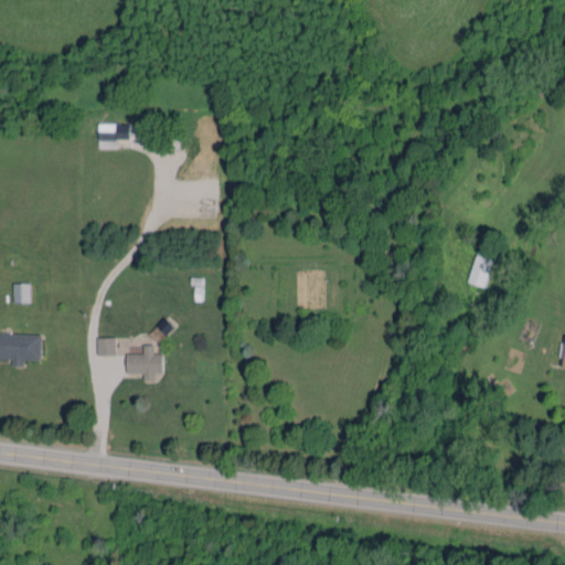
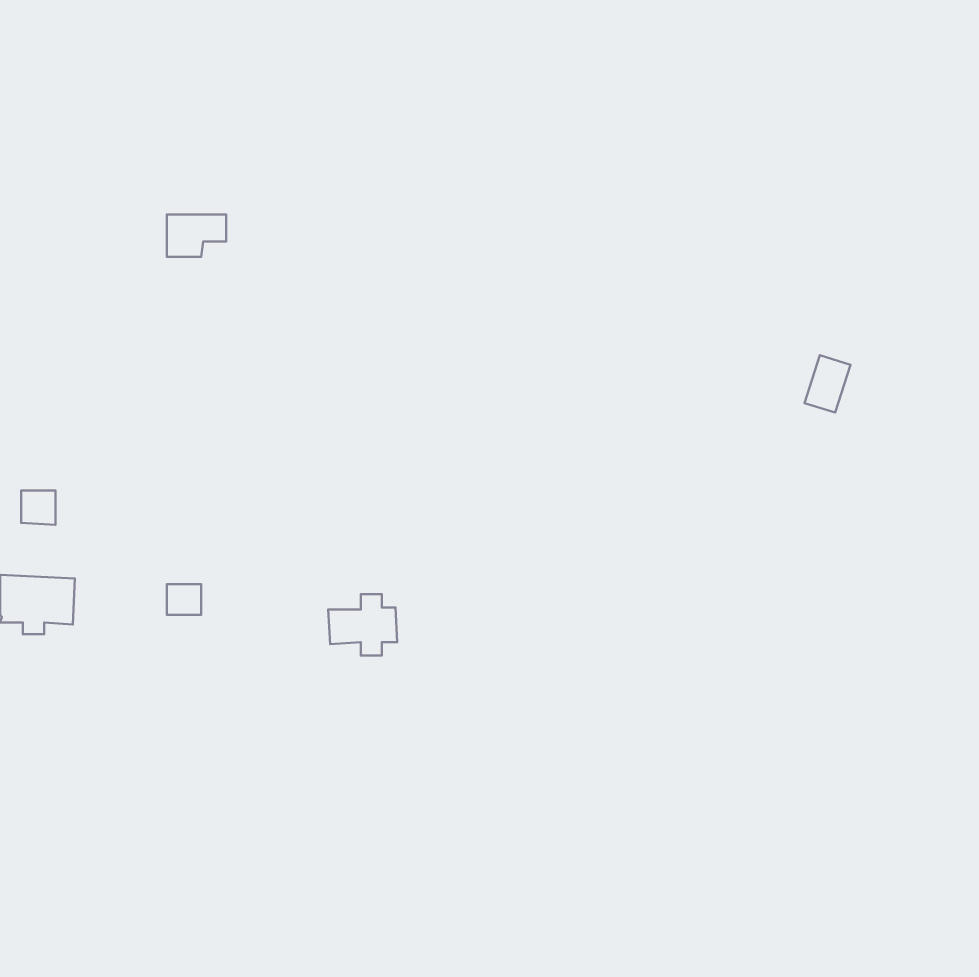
building: [467,255,493,288] -> [805,355,851,413]
building: [125,345,164,381] -> [328,594,397,656]

